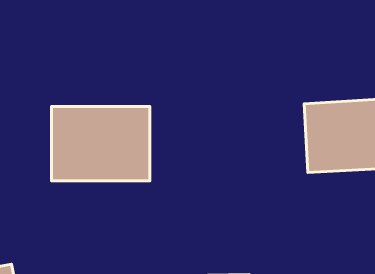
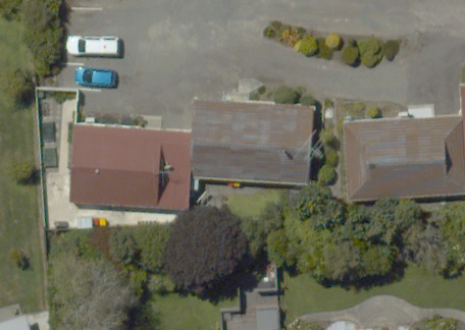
building: none -> [191,103,313,184]

